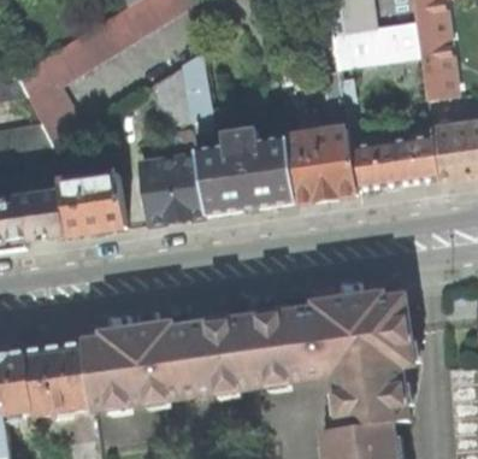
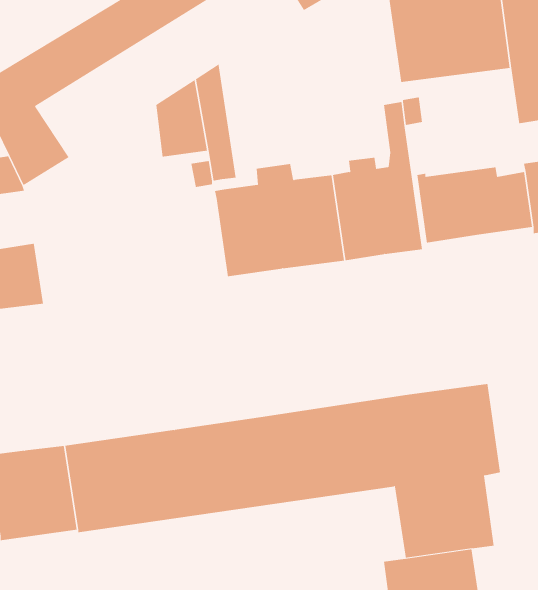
building: [141,154,207,222] -> none
building: [60,171,129,234] -> none

